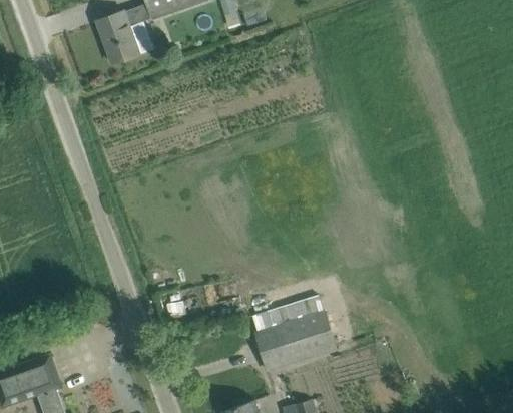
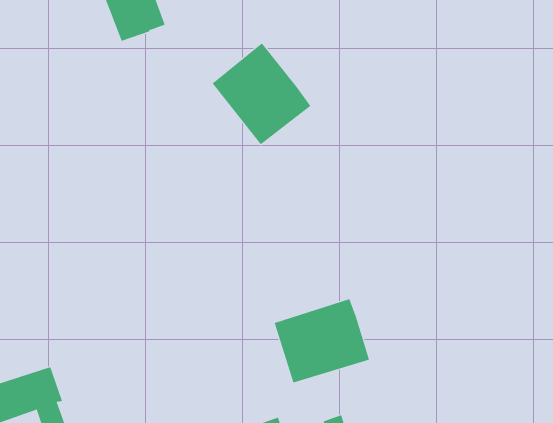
building: none -> [212,42,311,145]

